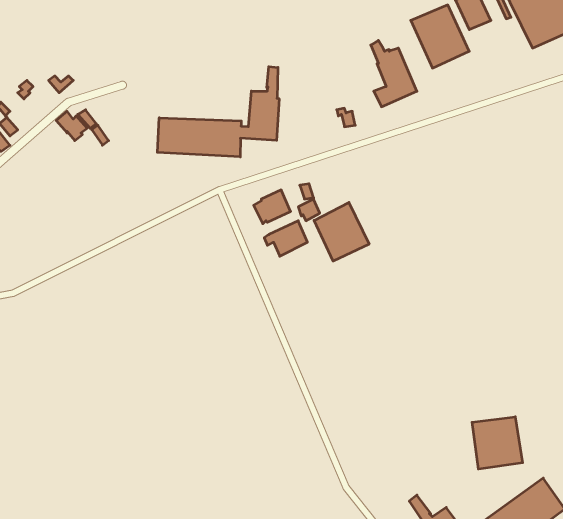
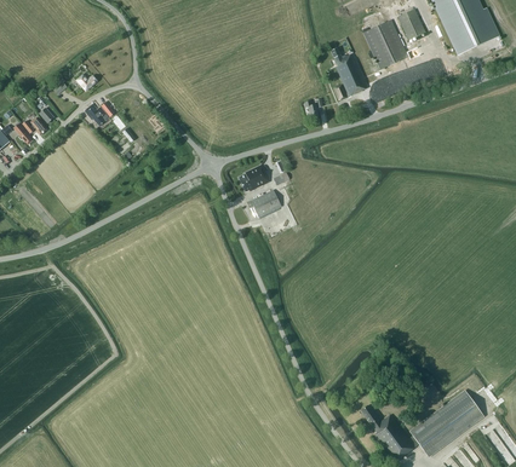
building: [157,67,279,157] -> none
building: [314,202,369,261] -> none
building: [472,417,523,469] -> none

